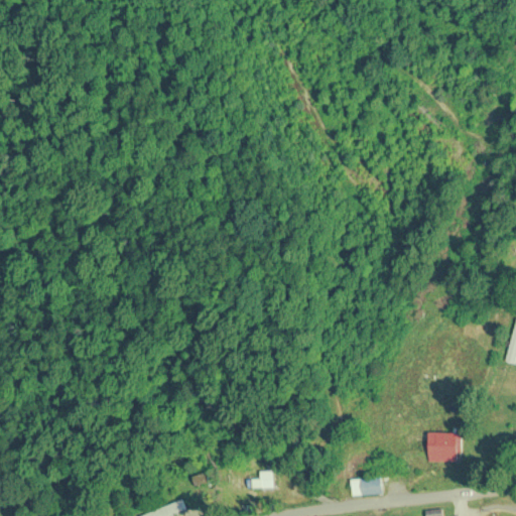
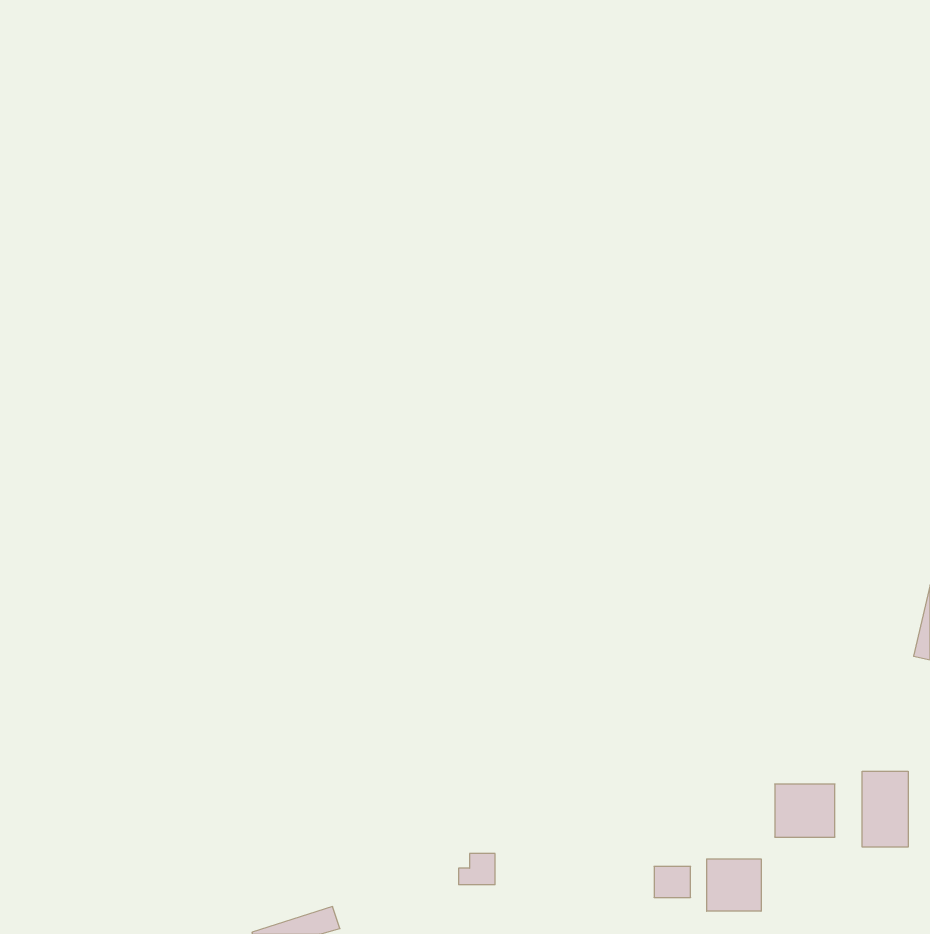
building: none -> [862,771,908,847]
building: none -> [707,859,761,911]

